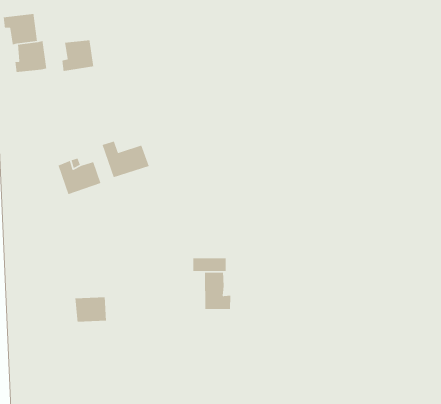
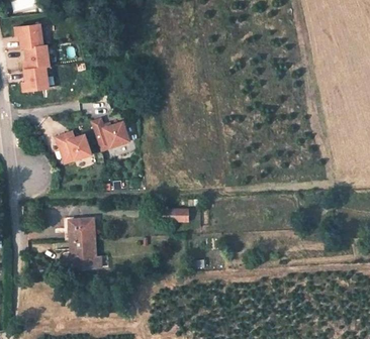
building: [62,39,94,72] -> [21,66,47,91]
building: none -> [68,220,93,242]
building: [204,272,231,310] -> none

